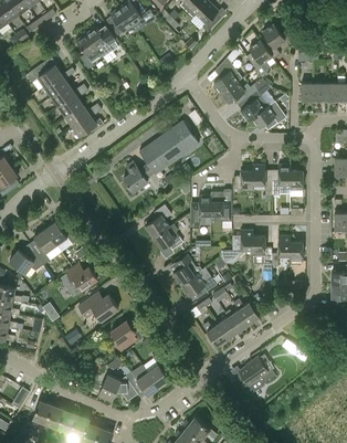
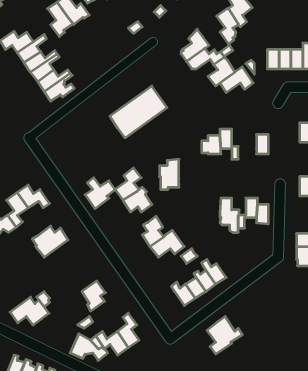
building: [123,160,154,192] -> [85,178,115,209]
building: [271,165,290,196] -> none
building: [210,193,231,222] -> none
building: [220,230,253,263] -> none
building: [77,292,117,320] -> [10,297,49,325]

